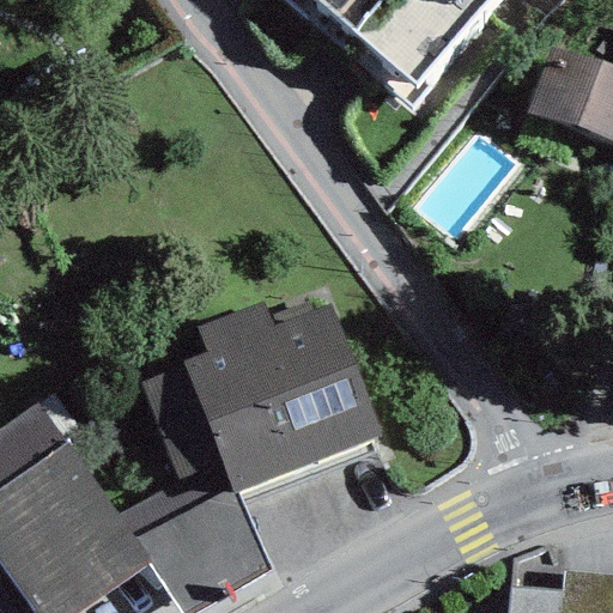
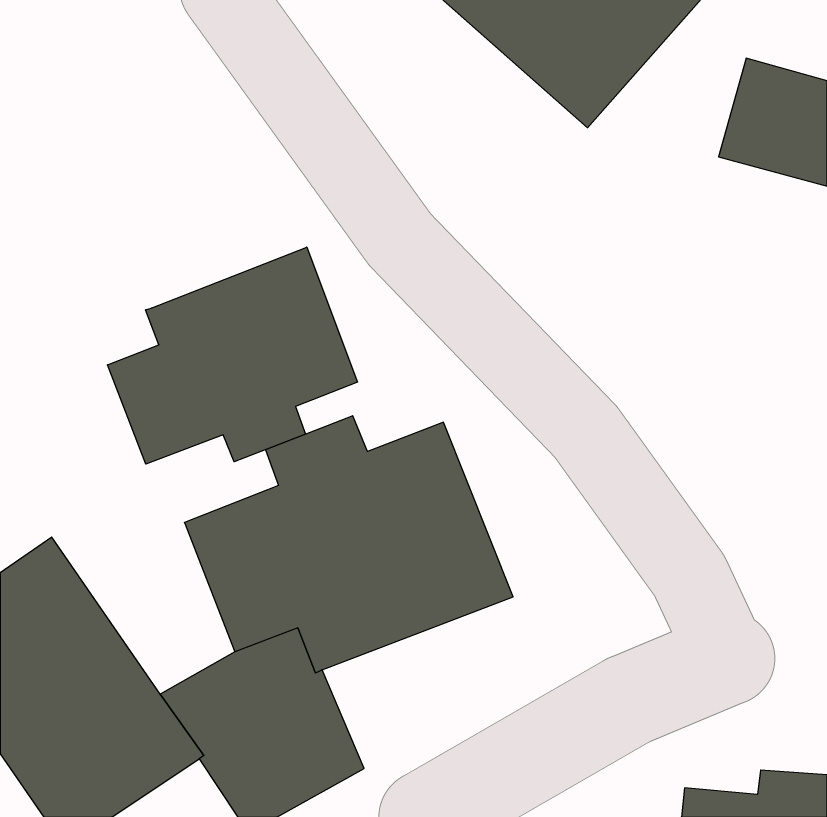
building: none -> [107,247,358,464]

